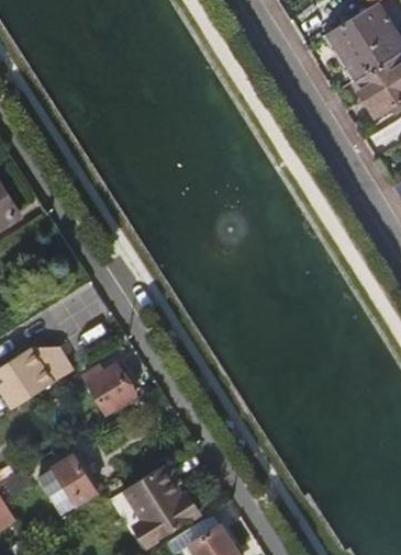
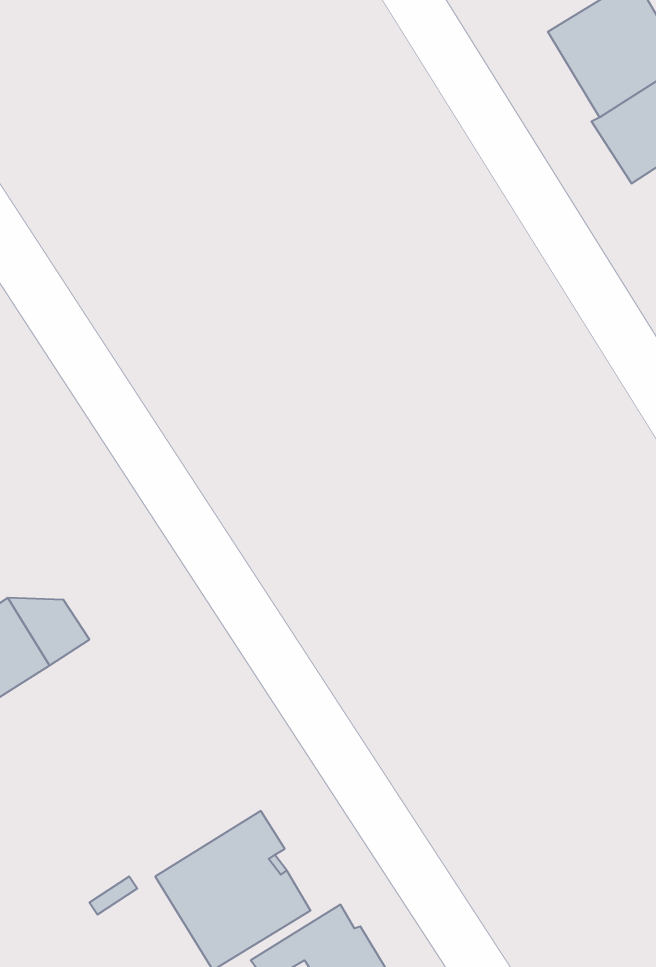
building: [85,362,137,412] -> none
building: [36,454,97,512] -> none

